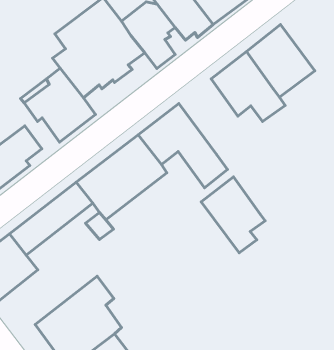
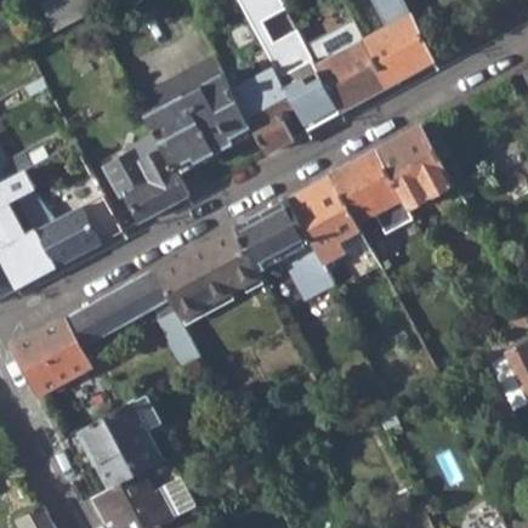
building: [201,177,265,253] -> [286,176,358,266]

